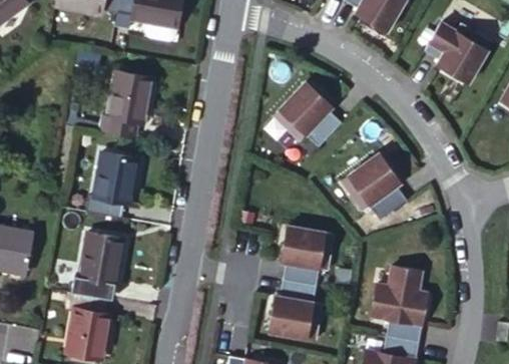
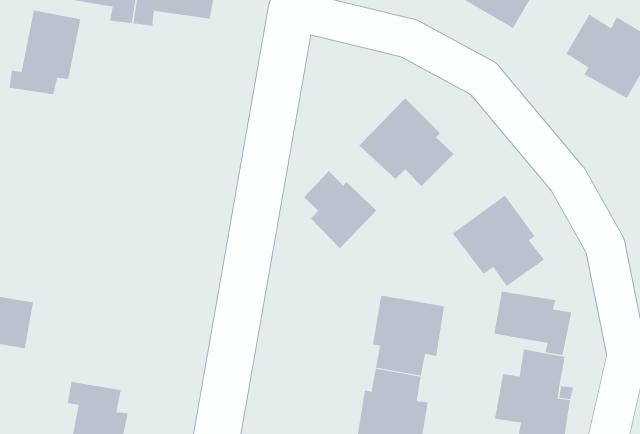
building: [94,68,147,130] -> [9,10,81,95]
building: none -> [303,170,377,249]
building: [78,147,132,213] -> none
building: none -> [494,291,572,356]
building: [63,228,119,295] -> none

